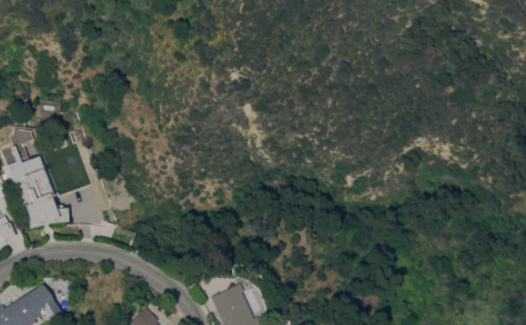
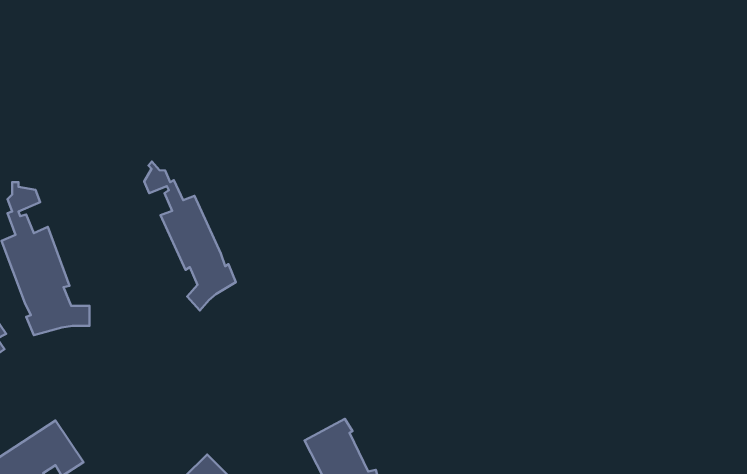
building: none -> [144,162,236,311]

